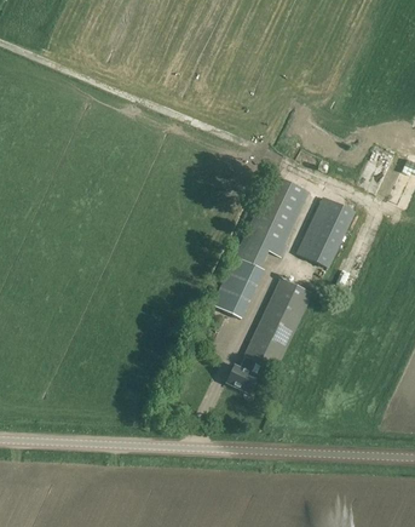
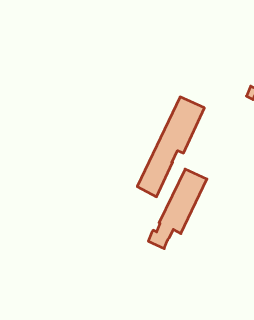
building: [296,199,357,269] -> none

